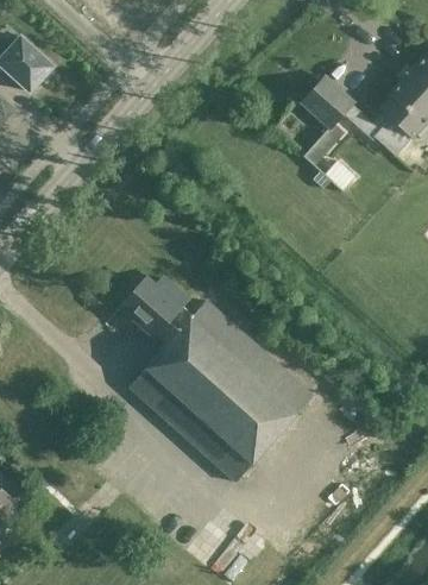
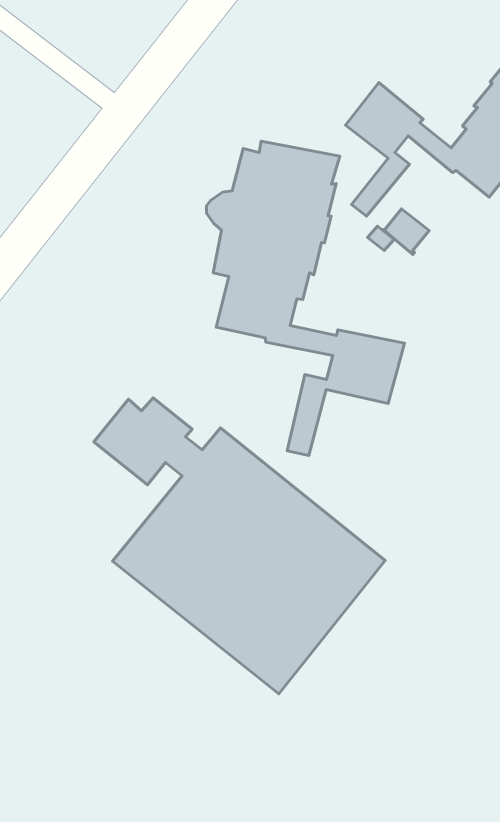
building: none -> [206,141,405,456]

